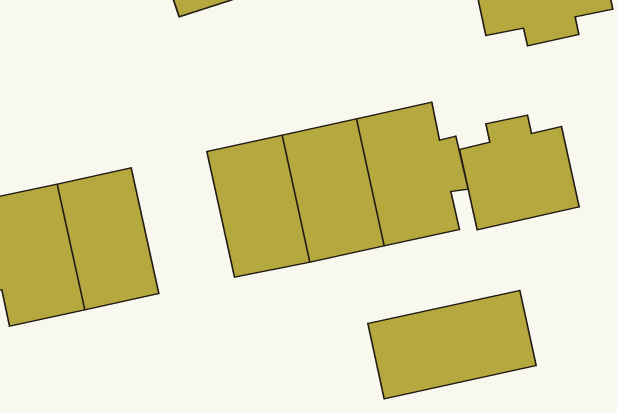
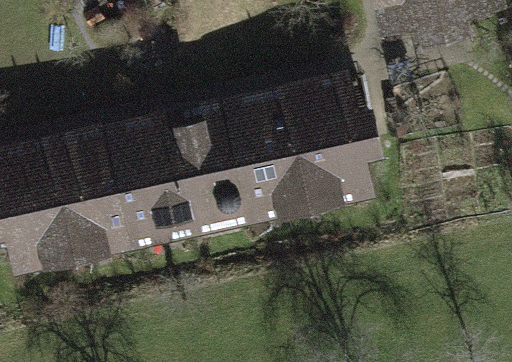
building: [460,115,579,230] -> none
building: none -> [111,123,193,236]
building: [368,290,536,399] -> none

